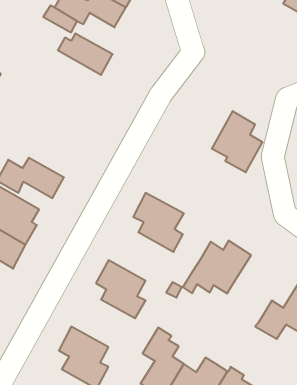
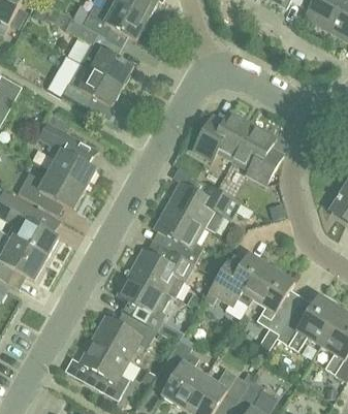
building: none -> [62,62,122,106]
building: none -> [194,110,253,160]
building: none -> [39,123,96,189]
building: none -> [166,178,253,225]
building: none -> [129,244,194,292]
building: none -> [252,266,294,341]
building: none -> [92,311,156,358]

